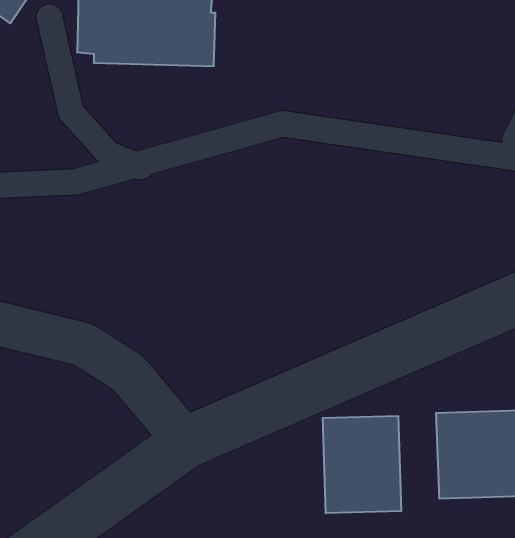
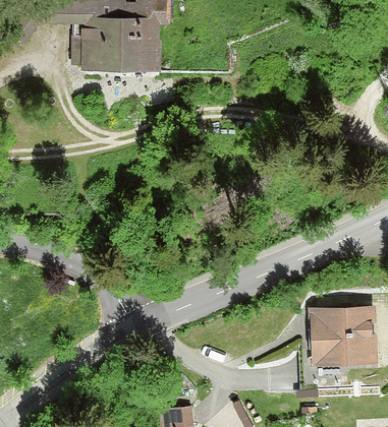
building: [323,416,401,513] -> none

